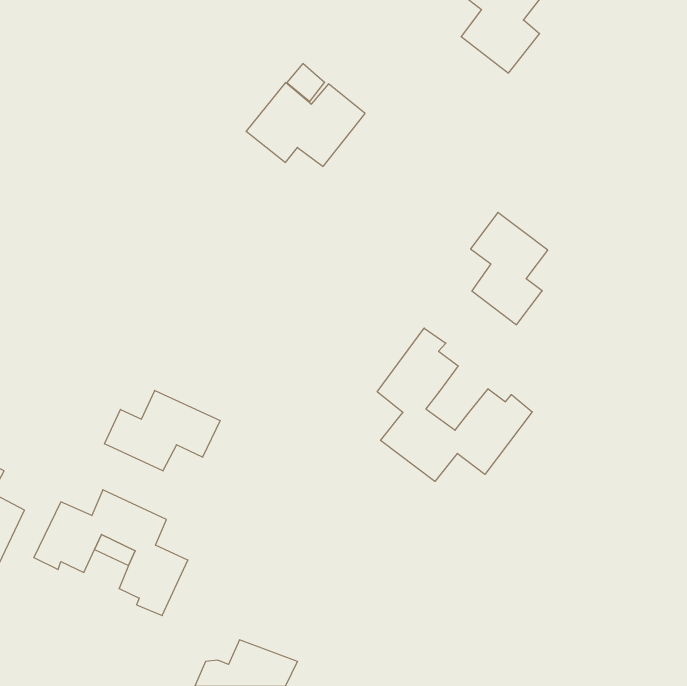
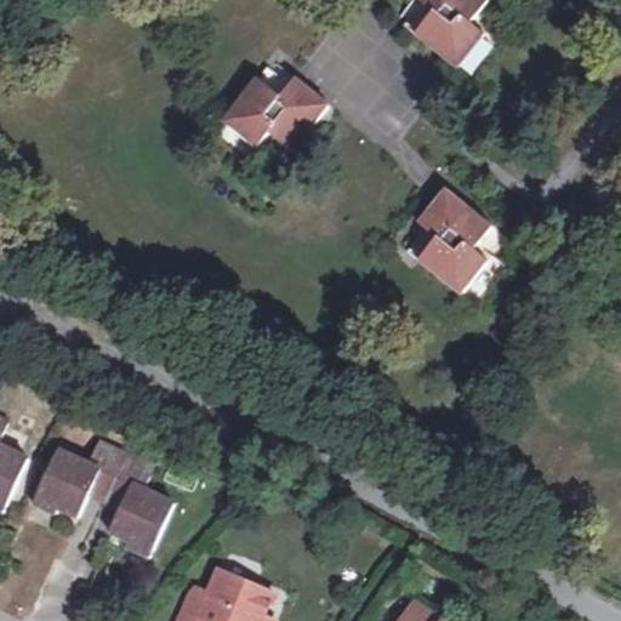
building: [377,328,532,481] -> none
building: [105,390,220,471] -> none

